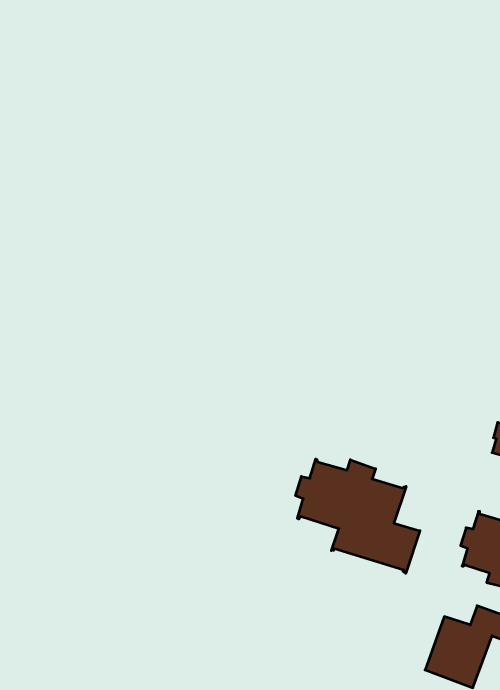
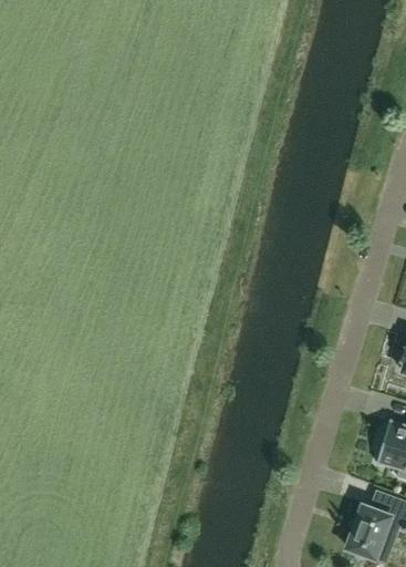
building: [296,459,420,573] -> none

